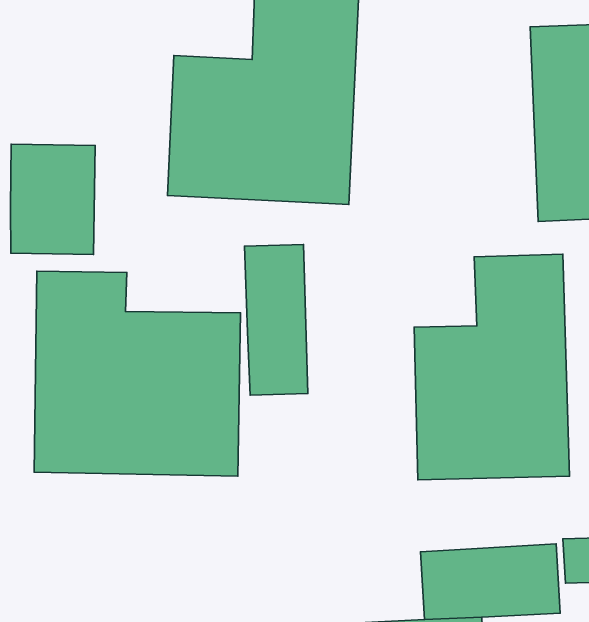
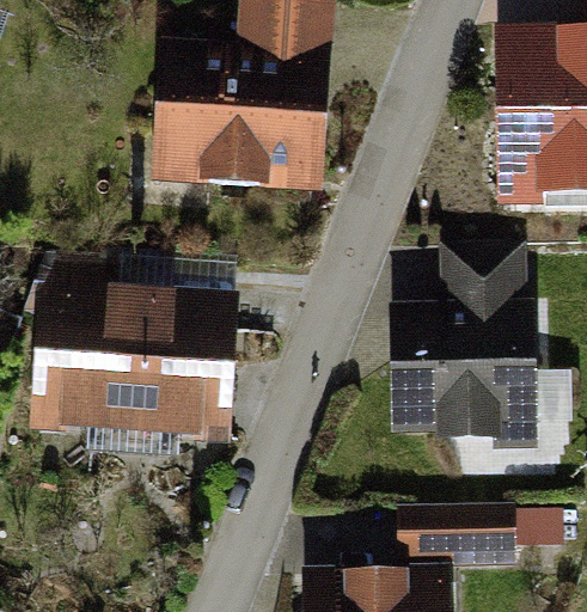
building: [11,144,95,255] -> none
building: [245,245,308,395] -> none

